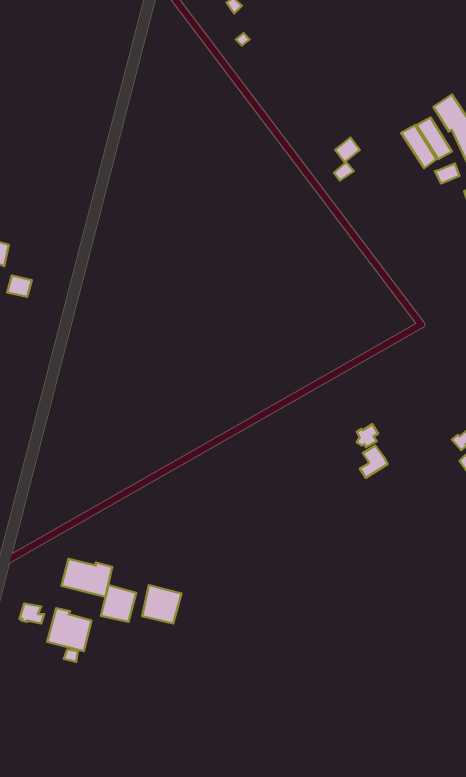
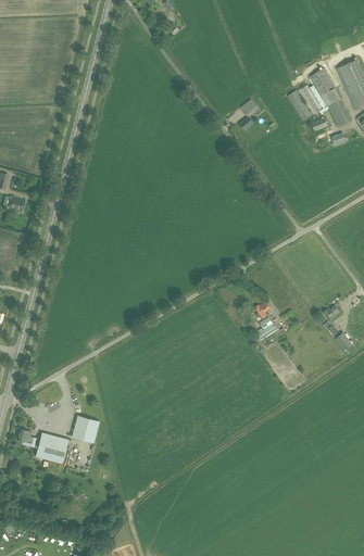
building: [62,559,112,597] -> none
building: [142,585,182,623] -> none

